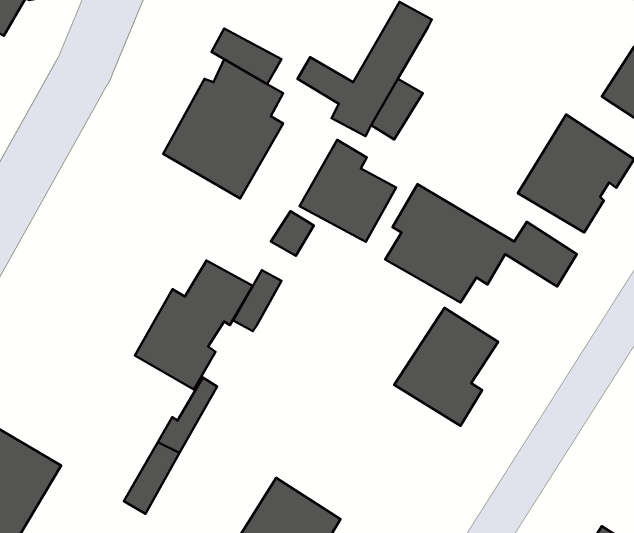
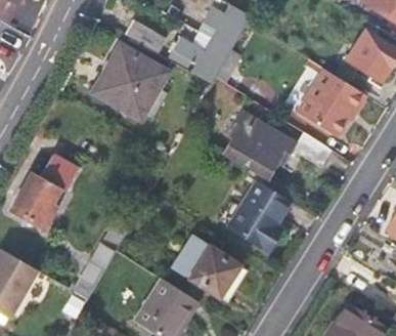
building: [299,140,396,242] -> none
building: [135,261,253,390] -> [11,155,79,228]
building: none -> [173,236,240,296]

